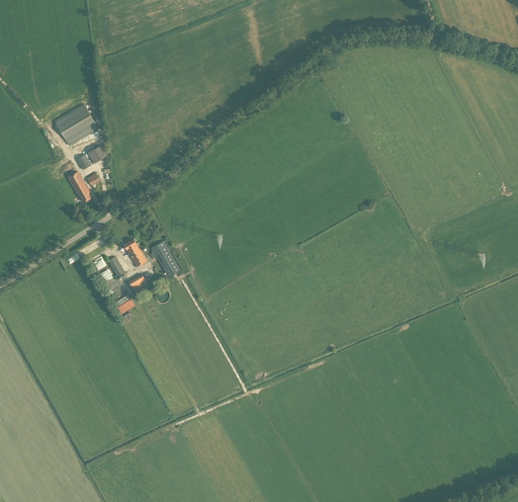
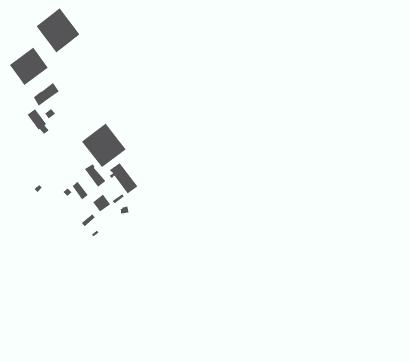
building: none -> [36,7,80,54]
building: none -> [81,122,127,168]

